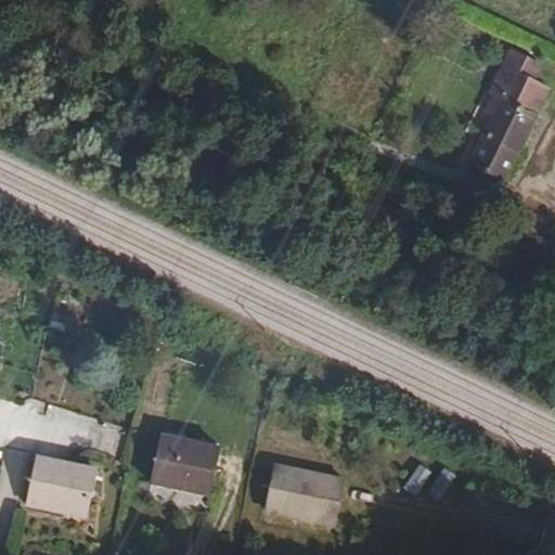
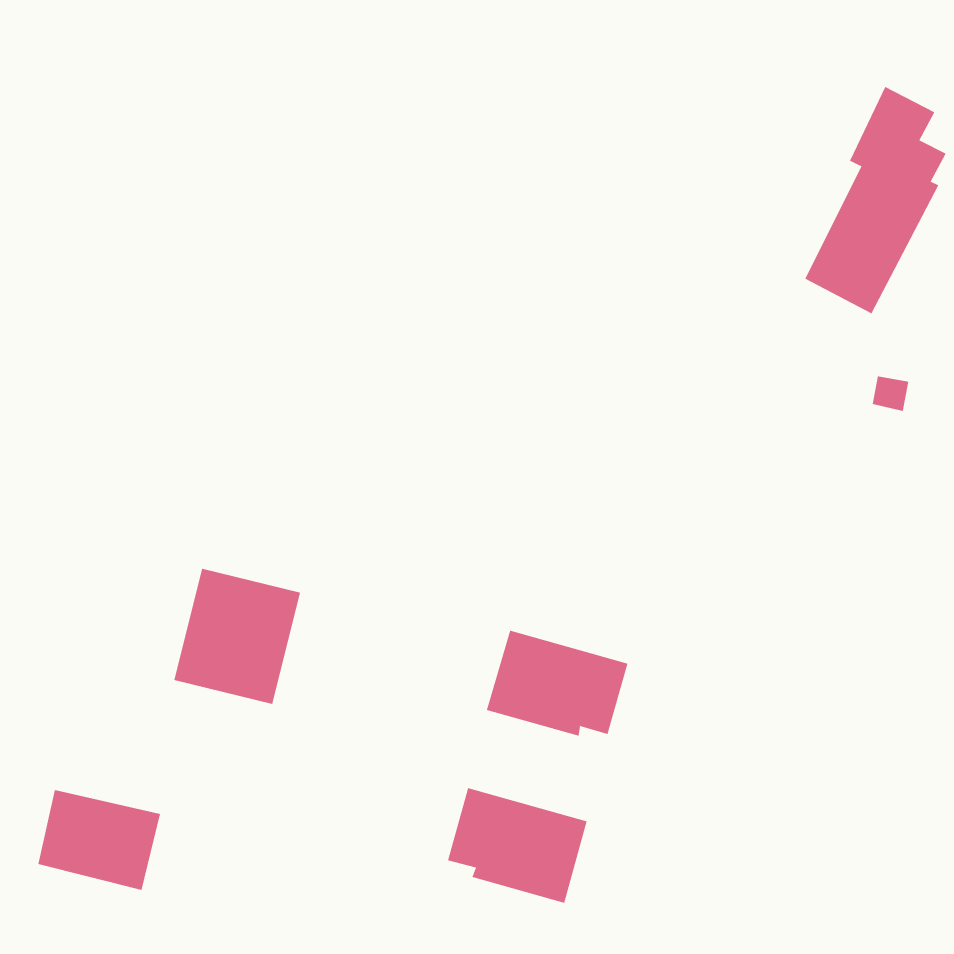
building: none -> [486,630,628,736]
building: [143,430,217,509] -> [174,568,301,705]

